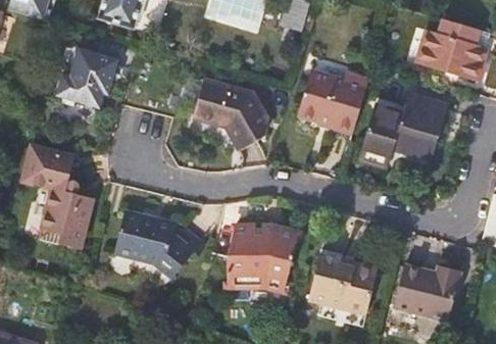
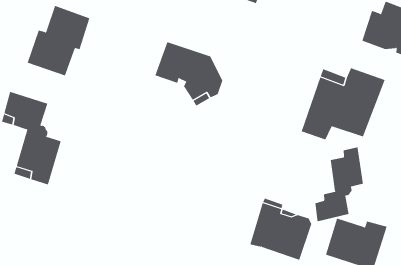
building: [296,69,367,133] -> none
building: none -> [315,146,363,222]
building: [115,209,200,278] -> none
building: [226,227,297,290] -> none

